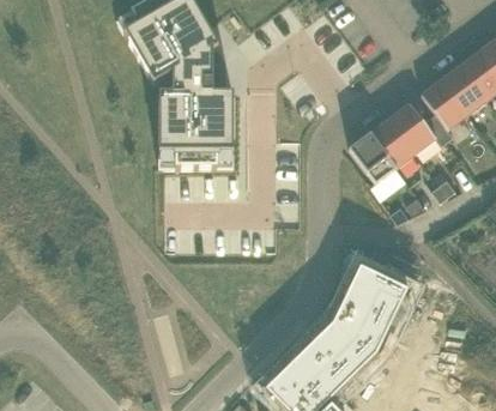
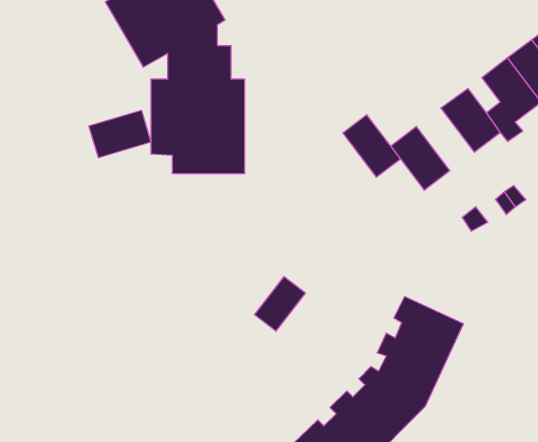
building: [370,115,416,164] -> [343,115,400,177]
building: none -> [89,110,151,158]
building: none -> [254,277,305,331]

